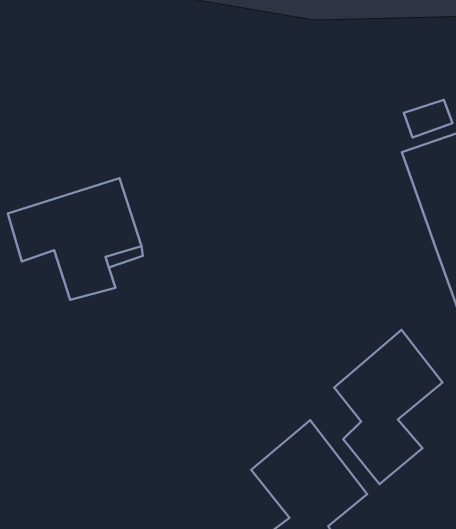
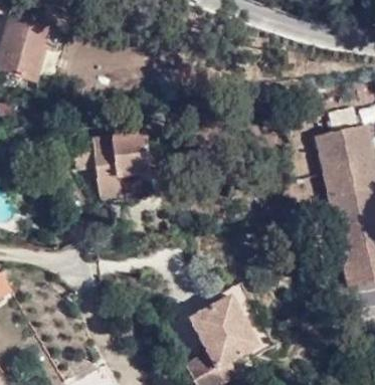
building: [334,330,443,484] -> none

